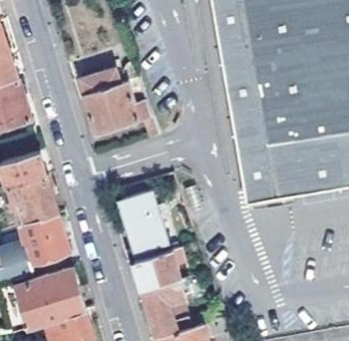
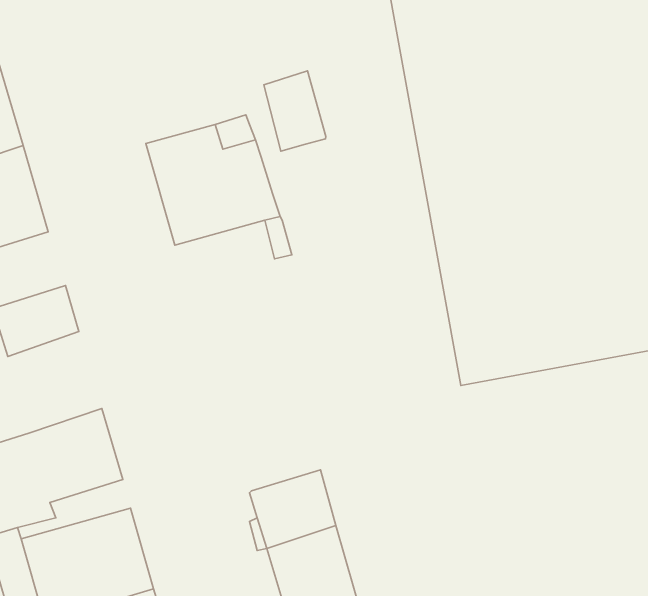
building: none -> [264,71,326,151]
building: [8,177,57,230] -> none
building: [121,190,171,260] -> none

